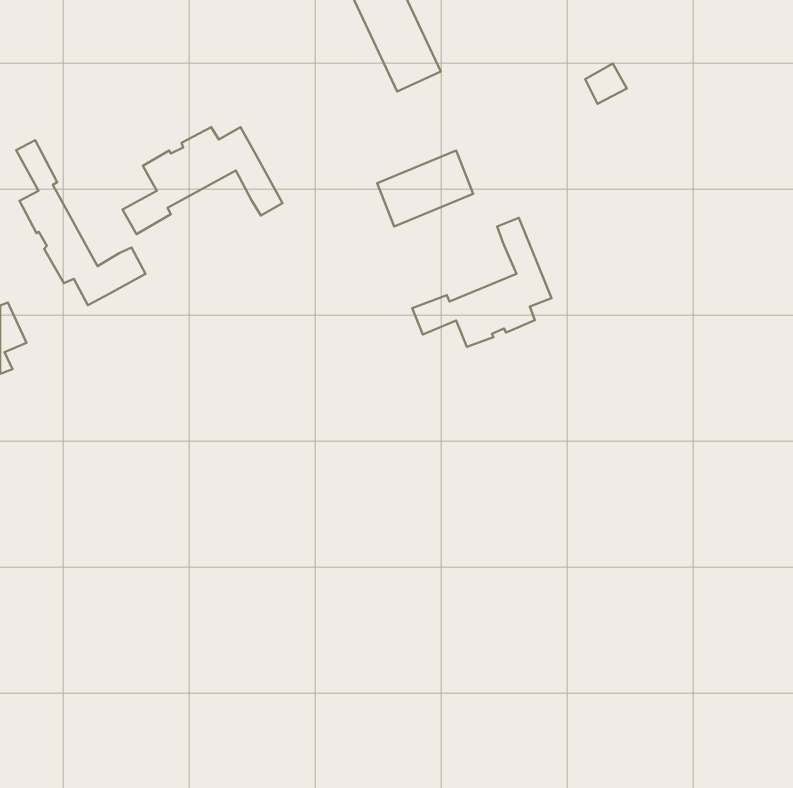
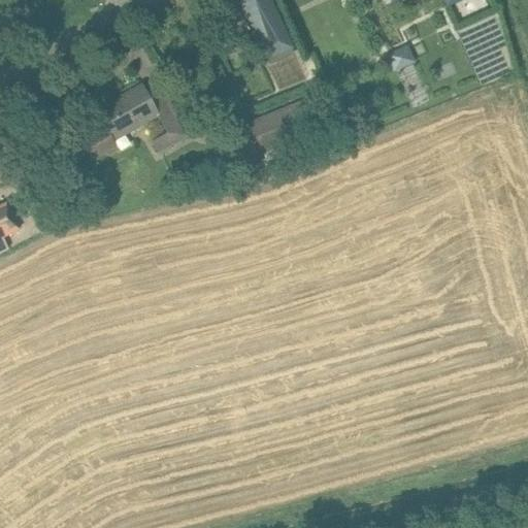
building: [16,140,146,305] -> none
building: [412,218,552,347] -> none

